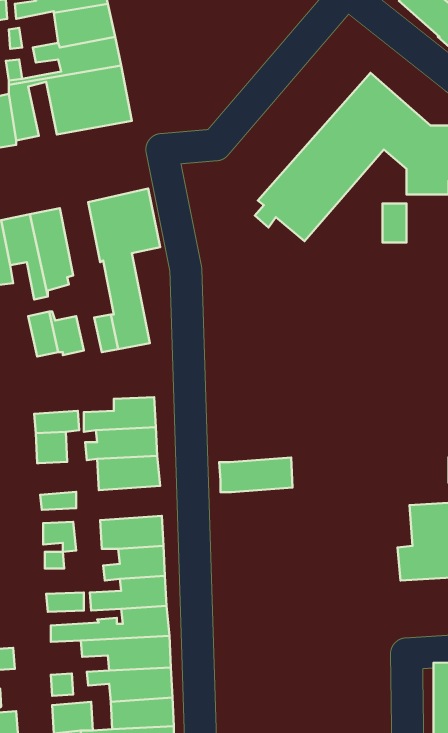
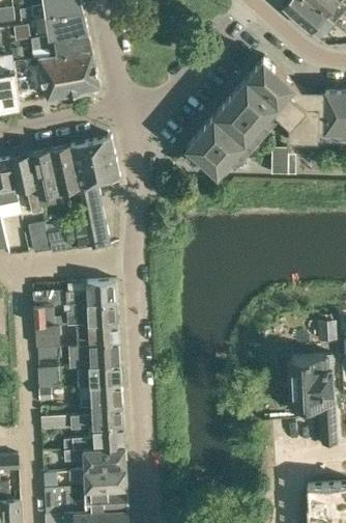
building: none -> [50,147,78,198]
building: [219,458,293,492] -> [69,343,120,367]
building: none -> [35,327,61,350]

